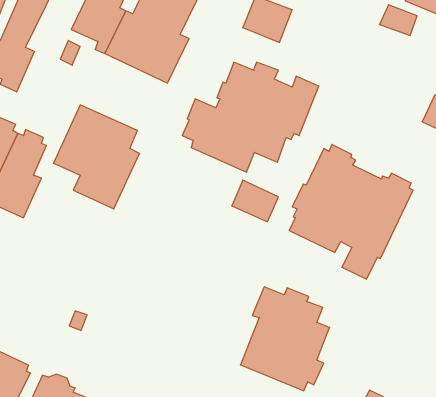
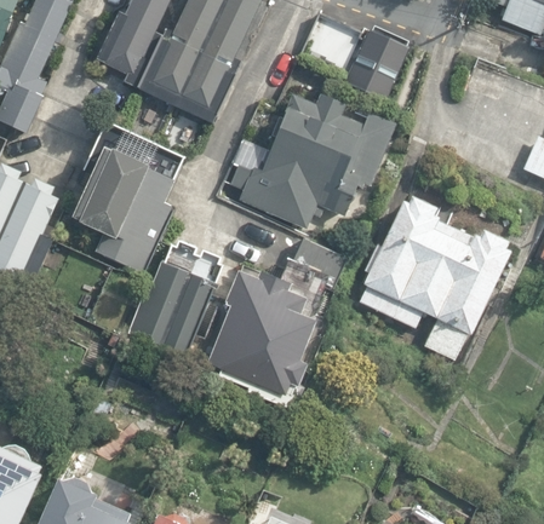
building: none -> [348,24,413,99]
building: none -> [125,240,222,358]
building: [240,287,330,391] -> [207,270,316,397]

